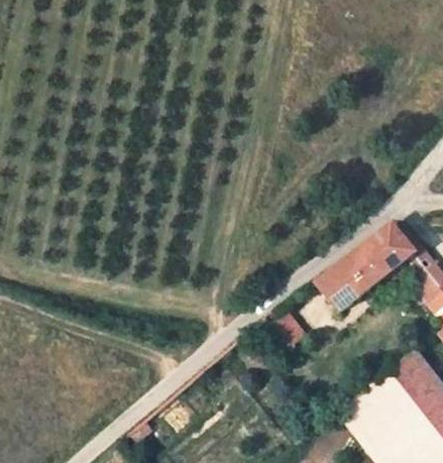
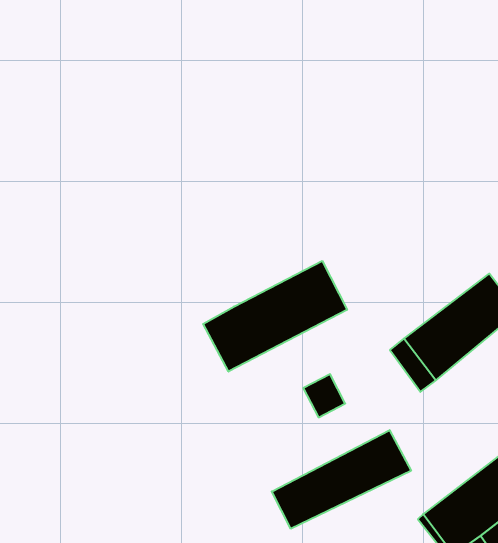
building: none -> [203,261,347,372]
building: none -> [272,430,411,529]

